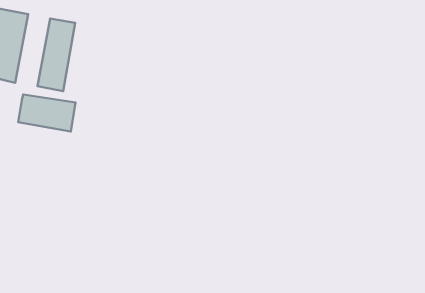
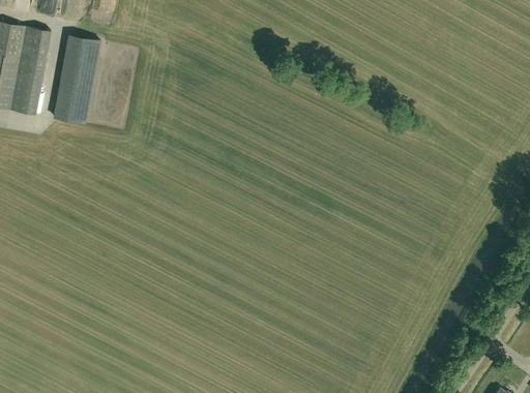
building: [18,94,75,131] -> none

